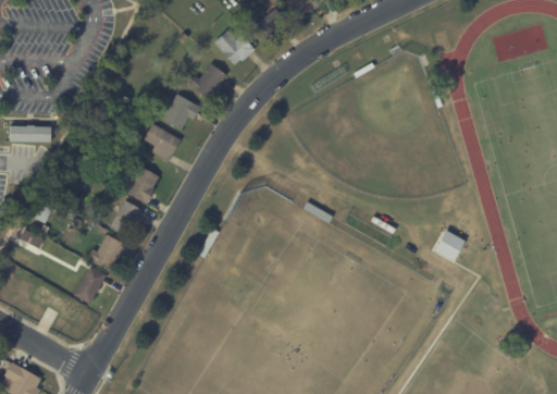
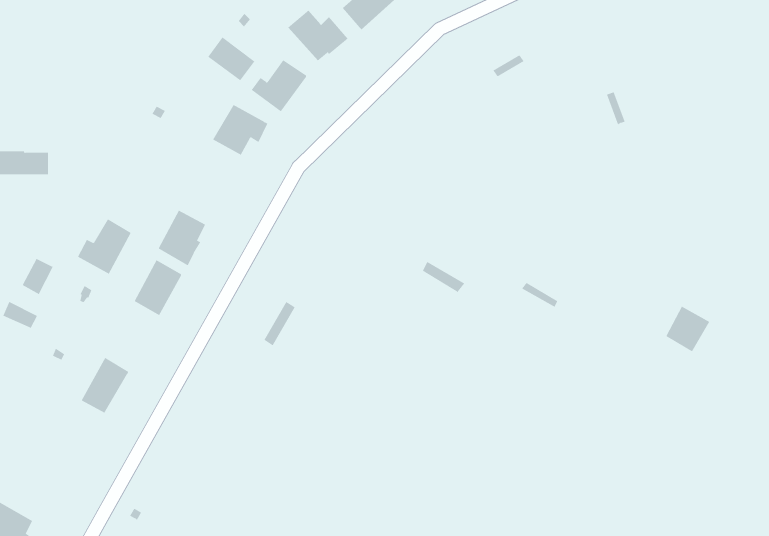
building: none -> [208,36,255,81]
building: [143,123,181,161] -> none
building: [434,227,465,259] -> [665,306,710,352]
building: [86,234,123,272] -> [77,218,131,274]

